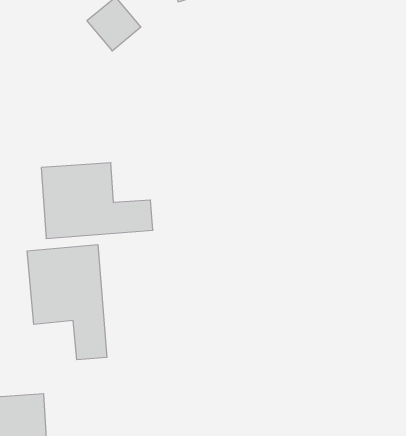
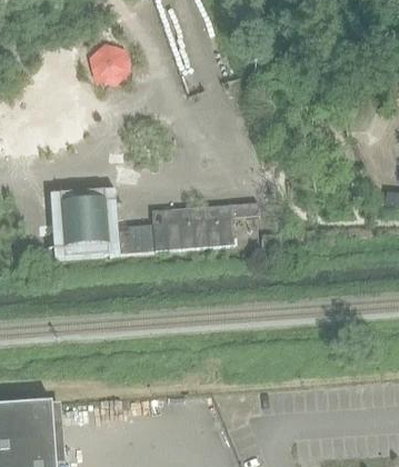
building: none -> [150,202,257,250]
building: [27,245,107,360] -> none

